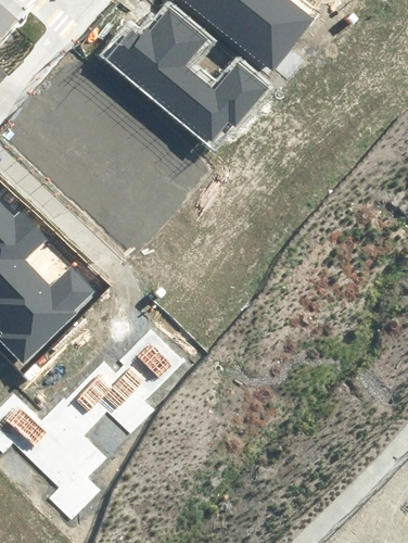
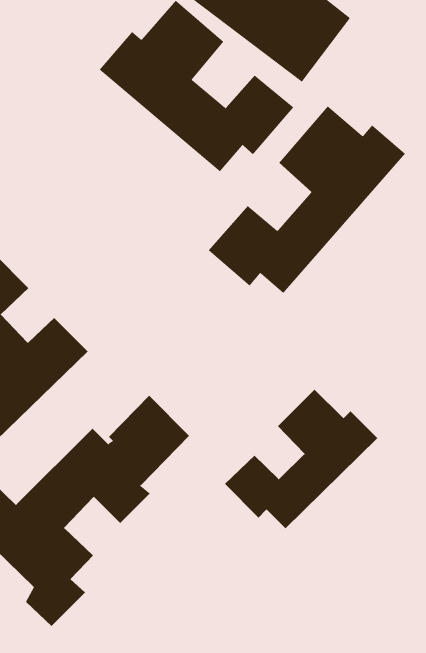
building: none -> [208,106,406,294]
building: none -> [224,389,378,529]

